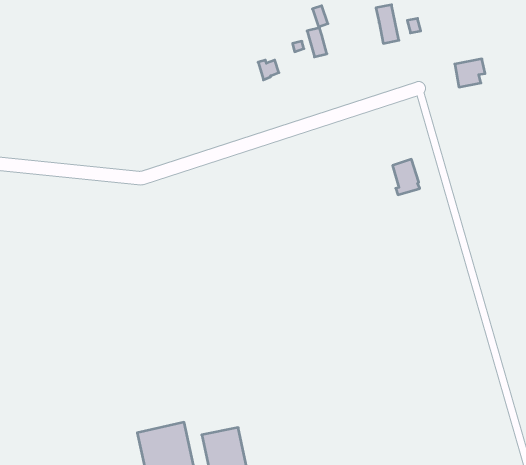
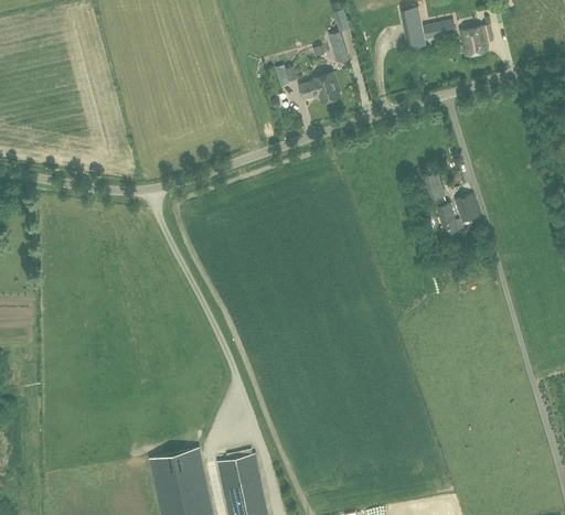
building: [455,59,485,87] -> [460,25,492,55]
building: none -> [299,72,340,103]
building: none -> [437,193,480,234]

